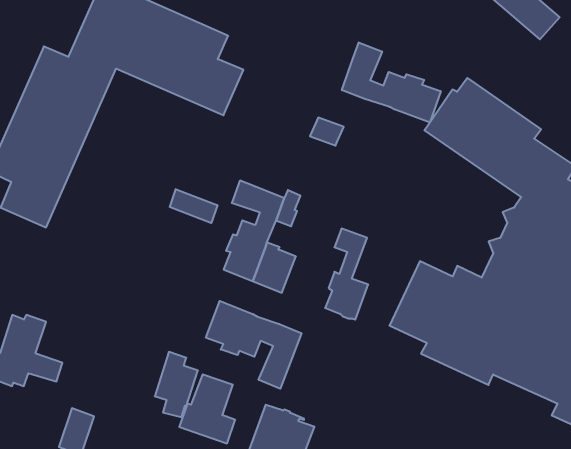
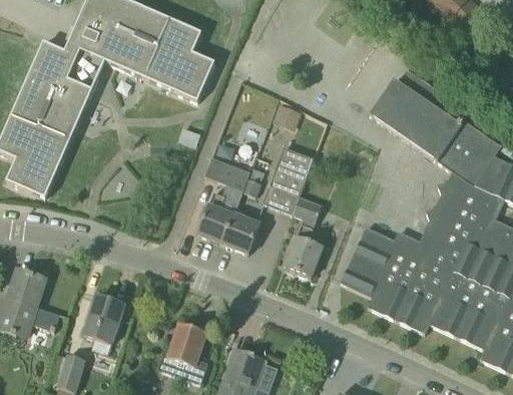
building: [342,42,441,123] -> none
building: none -> [264,148,313,214]
building: [170,189,217,223] -> none
building: [206,301,301,389] -> none
building: [155,352,198,417] -> [84,296,121,352]

